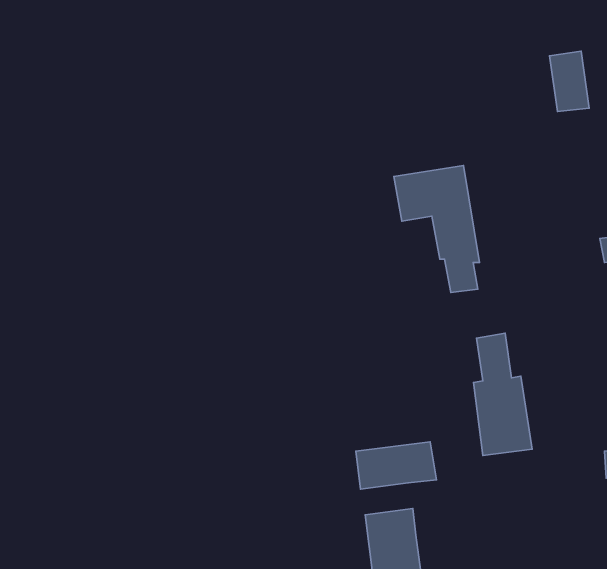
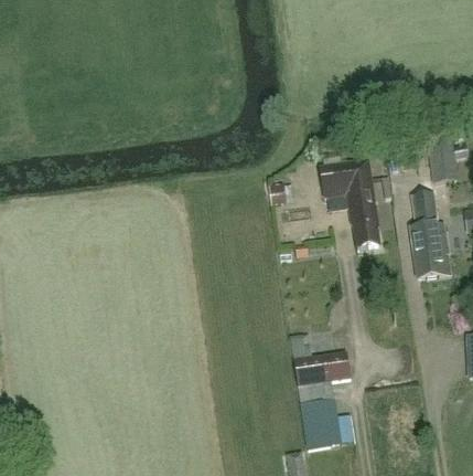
building: [550,51,589,111] -> [430,138,458,180]
building: [473,333,532,456] -> [411,193,452,278]

